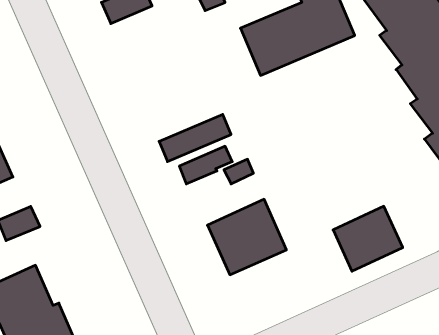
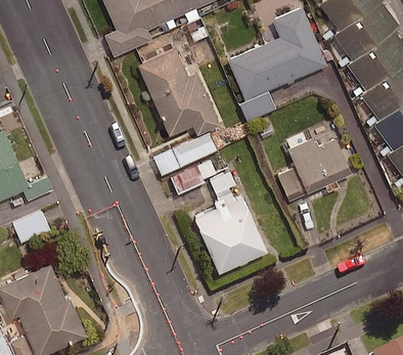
building: none -> [138,48,220,135]
building: [333,206,403,271] -> [292,136,352,192]

